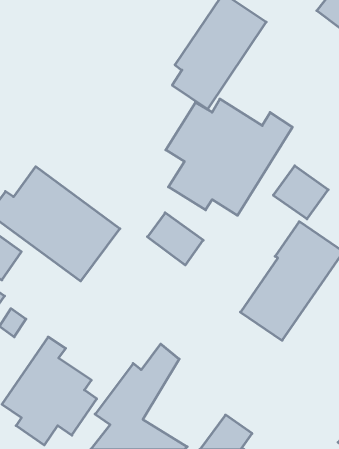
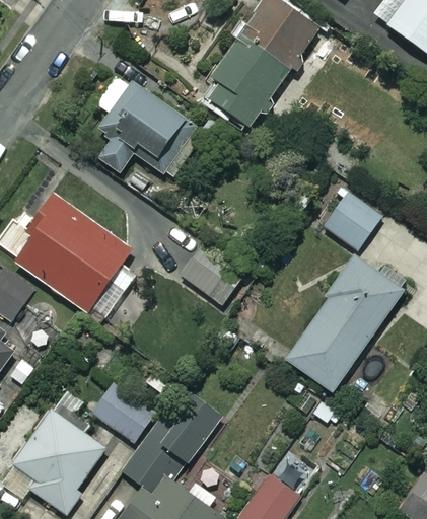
building: none -> [97,73,205,179]
building: [166,99,292,215] -> none
building: none -> [94,389,151,442]

